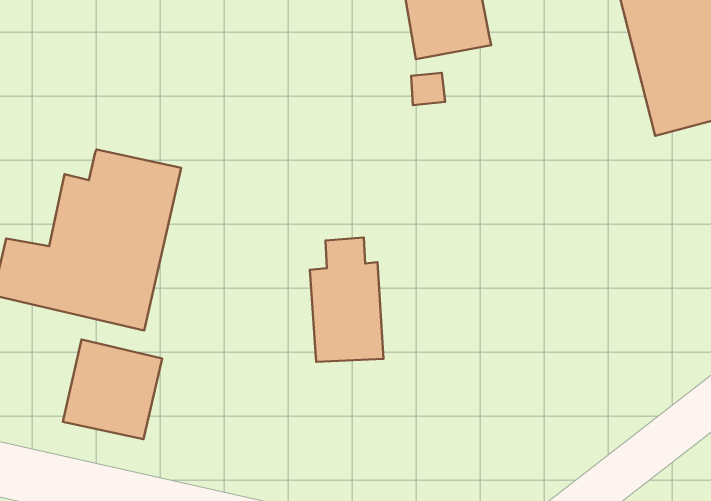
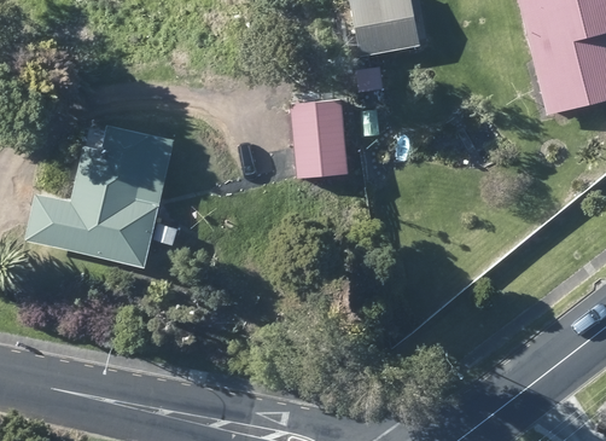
building: [310,238,384,362] -> [291,79,349,176]
building: [63,339,162,439] -> none

